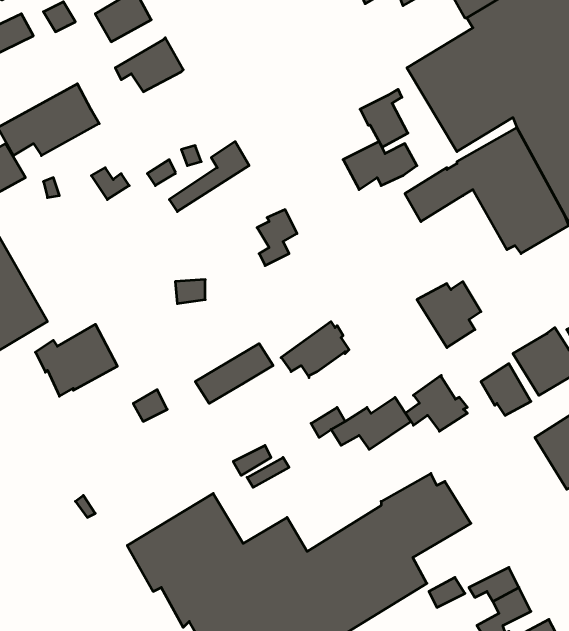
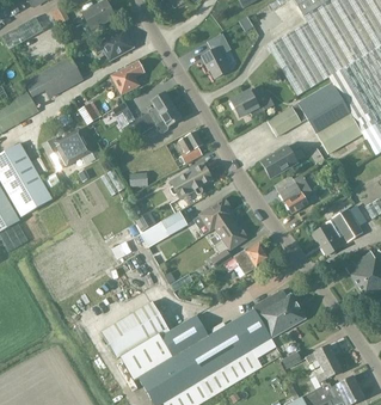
building: [360,89,408,147] -> [203,43,232,78]
building: none -> [112,60,146,93]
building: none -> [131,104,183,137]
building: none -> [262,145,299,178]
building: none -> [171,162,213,197]
building: [35,324,117,396] -> [44,127,93,170]
building: [406,375,467,431] -> [210,215,247,248]

